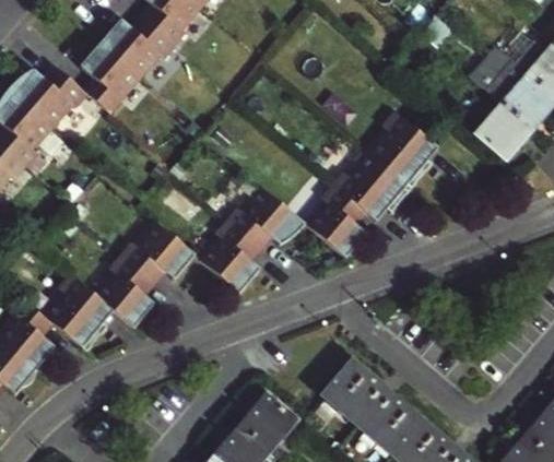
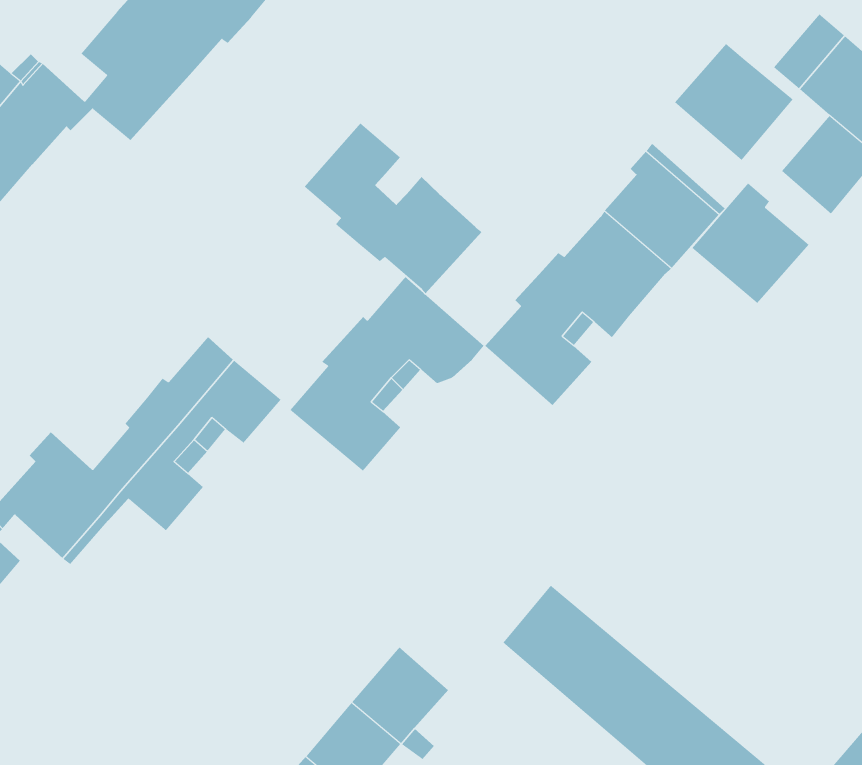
building: none -> [674,43,793,161]
building: none -> [304,123,482,294]
building: none -> [691,183,809,304]

